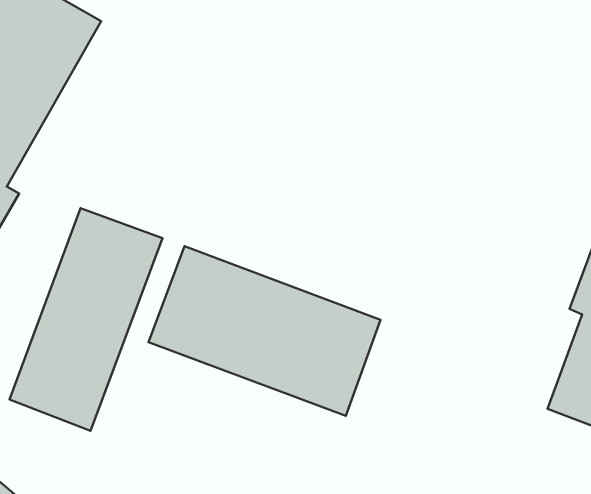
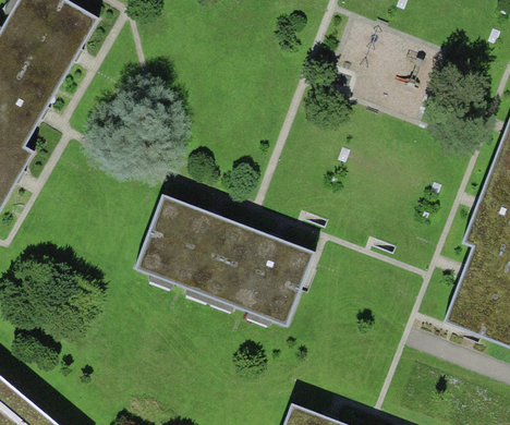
building: [9,208,162,431] -> none

